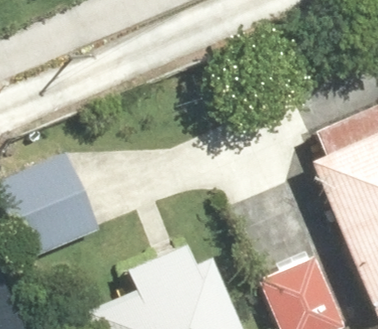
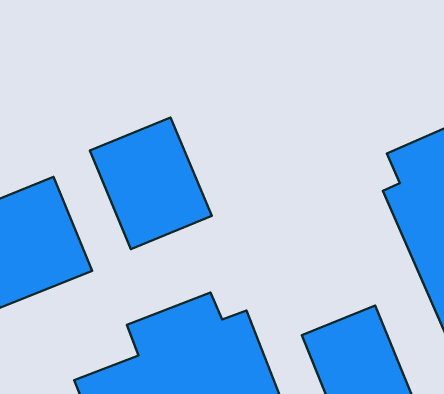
building: none -> [90,117,212,249]

